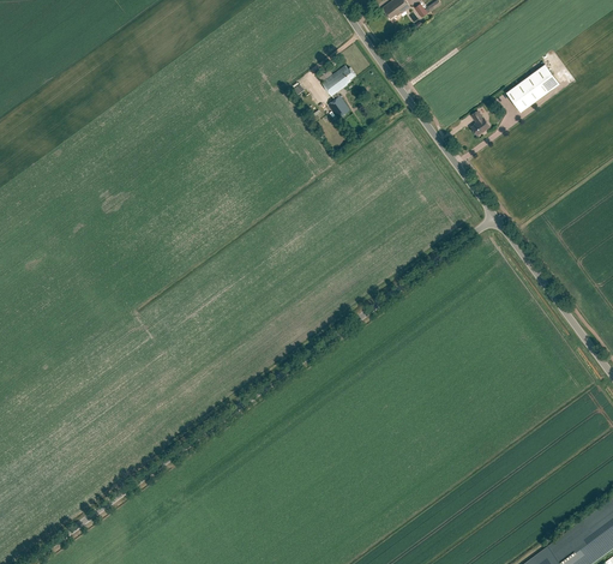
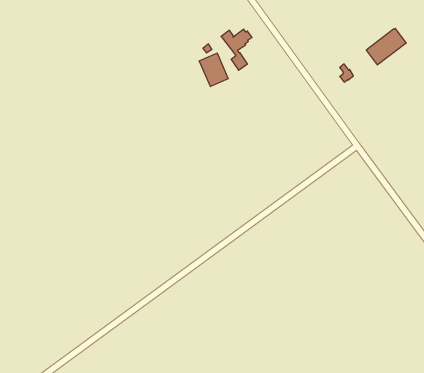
building: none -> [199,53,228,87]

